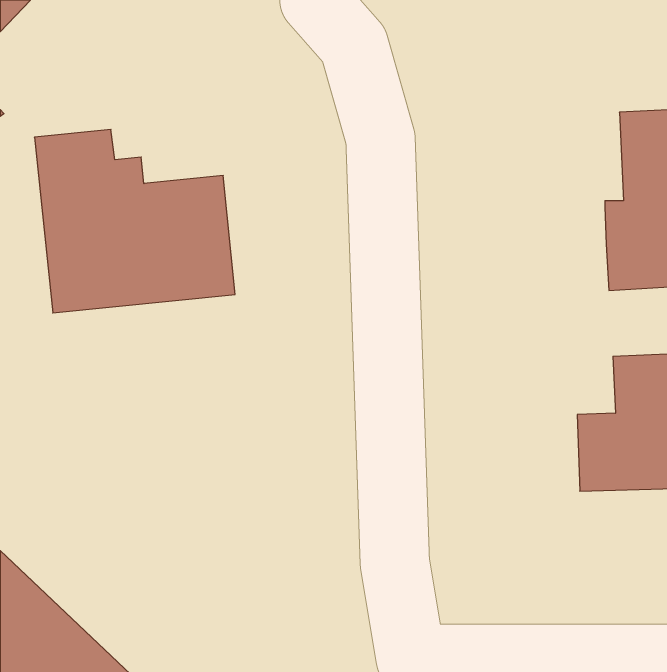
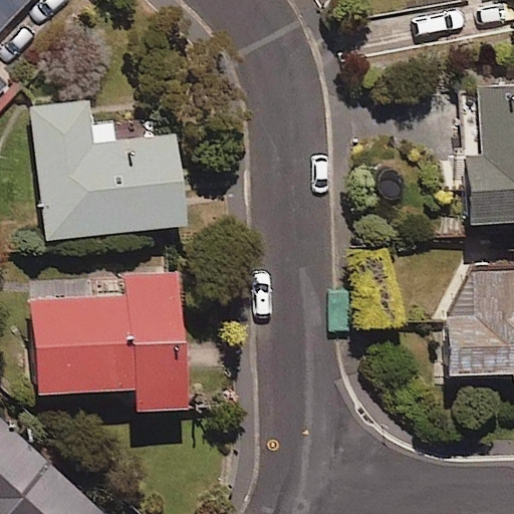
building: none -> [31,275,187,414]

